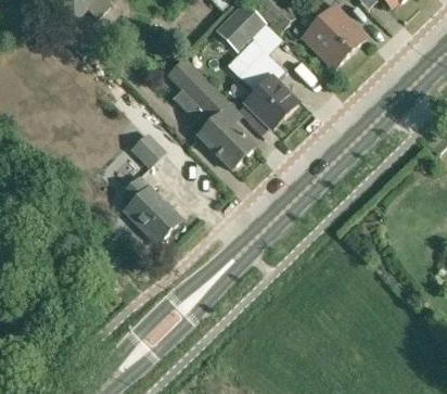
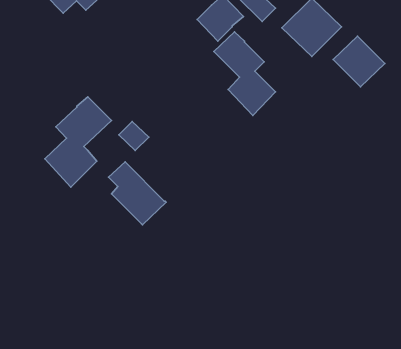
building: none -> [333,36,385,87]
building: [174,62,255,168] -> none
building: none -> [45,97,111,187]

